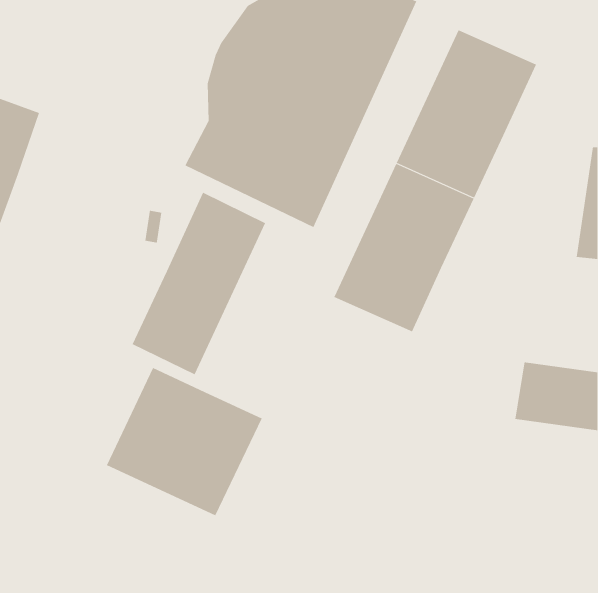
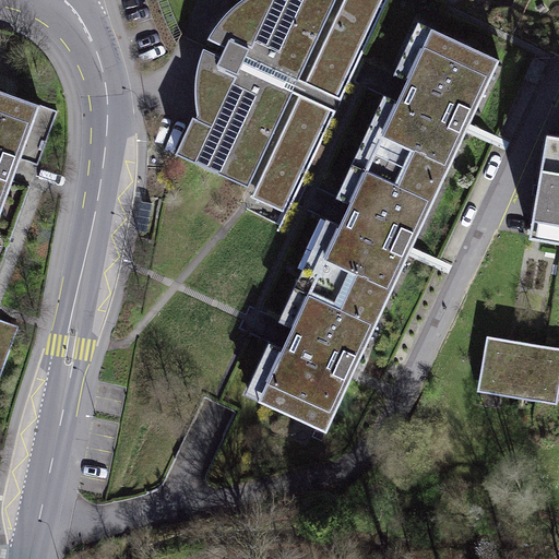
building: [132,192,266,375] -> none
building: none -> [252,276,383,433]
building: [106,367,262,516] -> none

